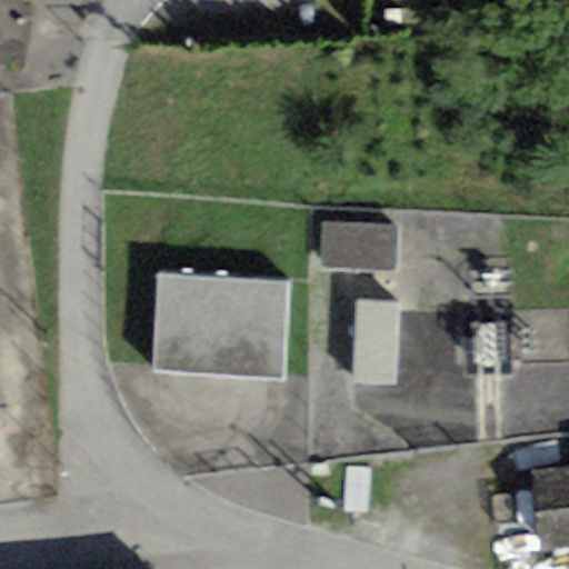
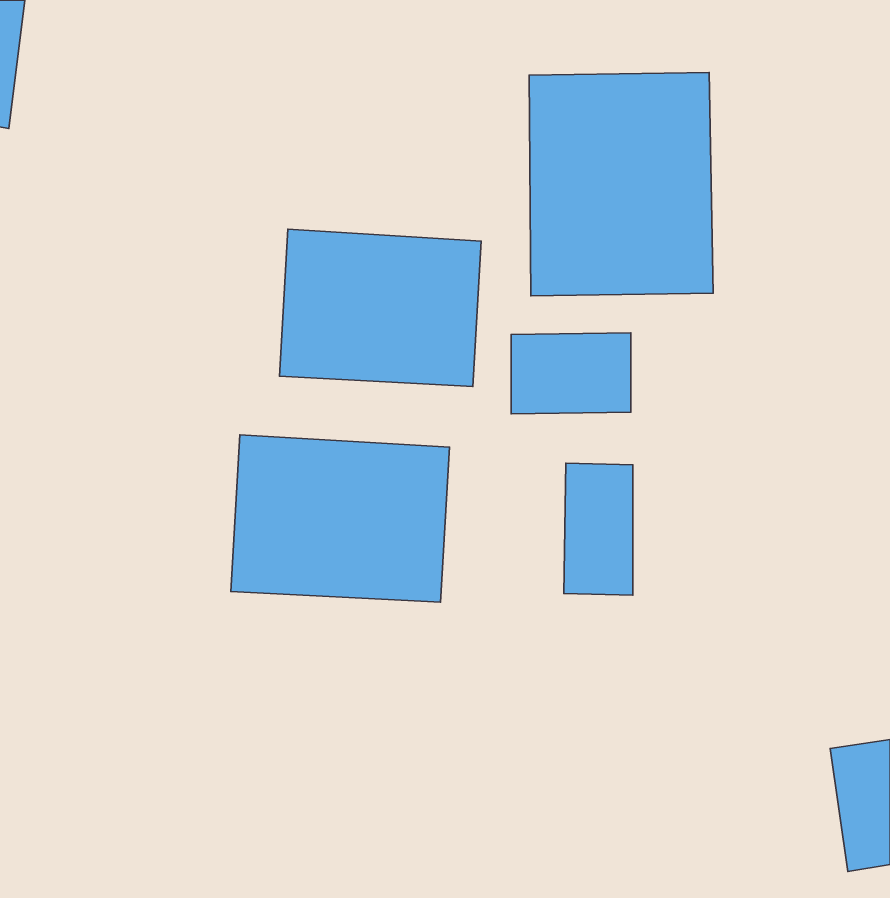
building: none -> [529,72,713,296]
building: none -> [280,229,481,386]

